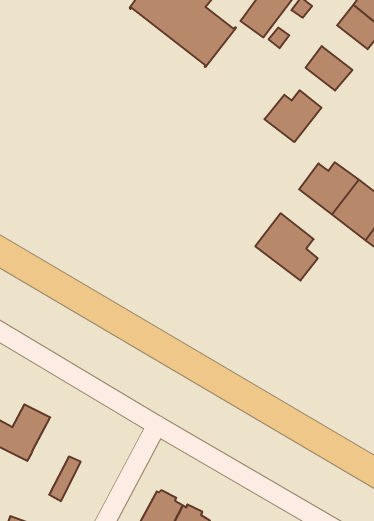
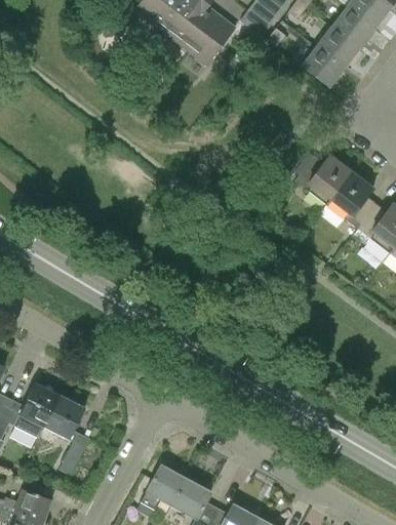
building: none -> [316,26,359,68]
building: [264,90,321,142] -> none
building: [255,213,318,281] -> none
building: none -> [42,396,84,439]

